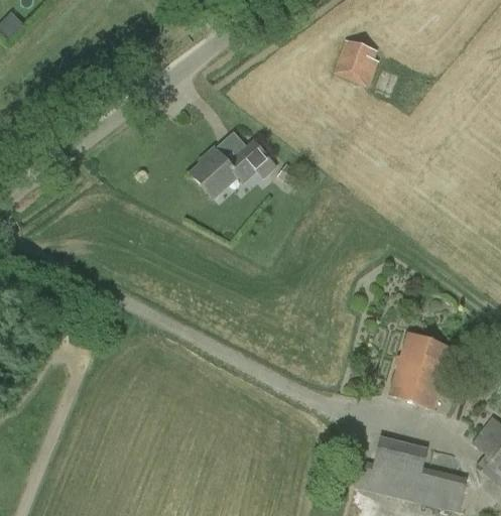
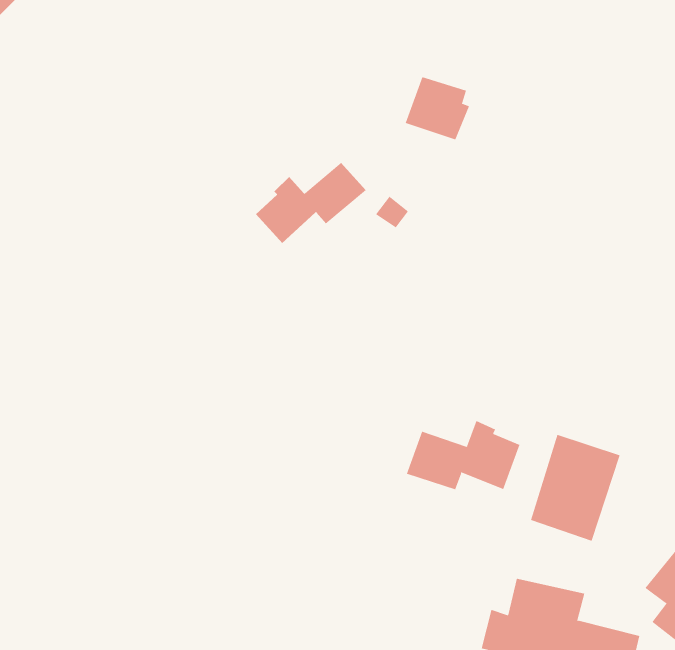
building: [334,40,380,86] -> [405,77,470,140]
building: none -> [406,420,520,490]

